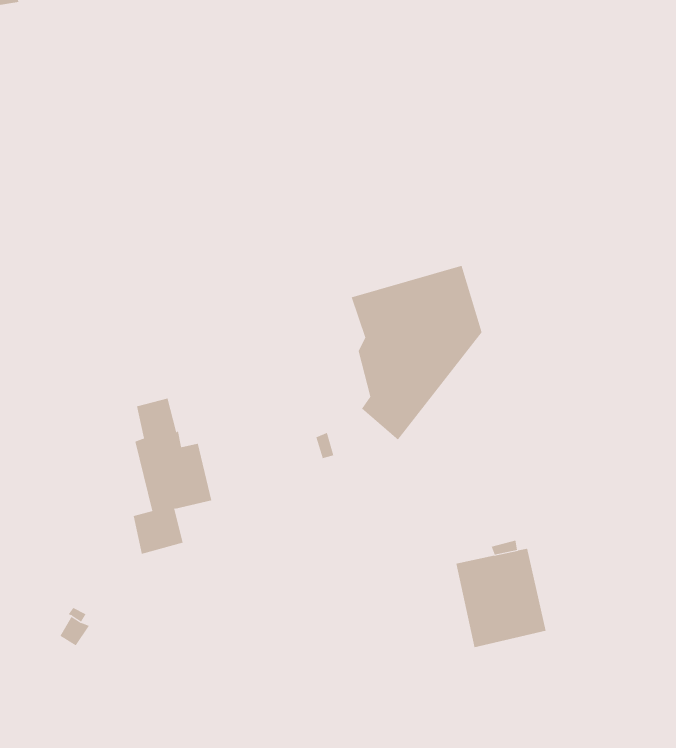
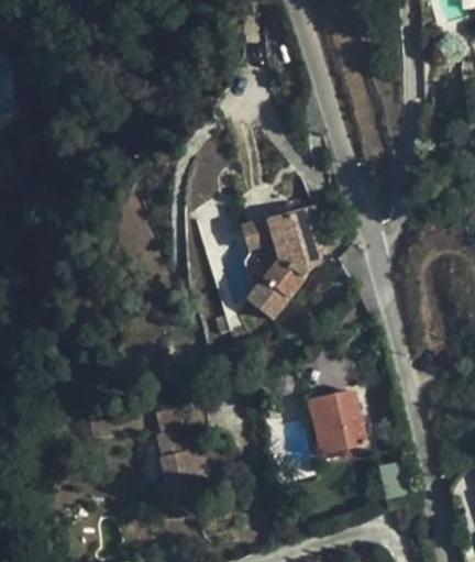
building: [133,398,212,555] -> [155,408,207,510]

